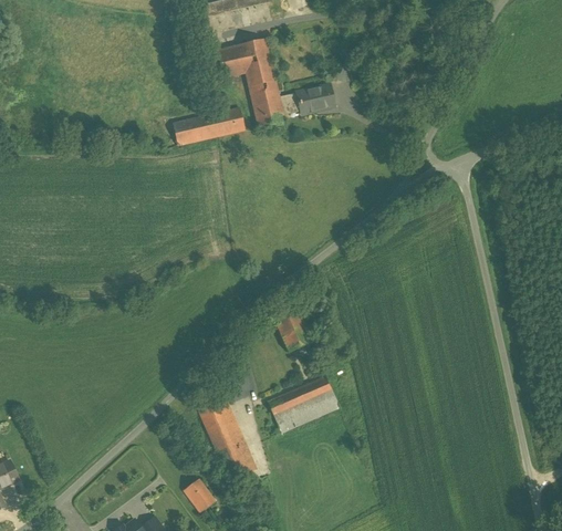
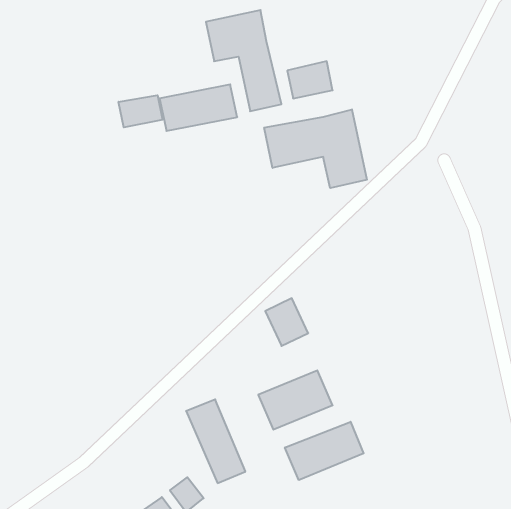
building: none -> [119,95,162,127]
building: none -> [264,109,367,188]
building: none -> [285,422,364,480]

